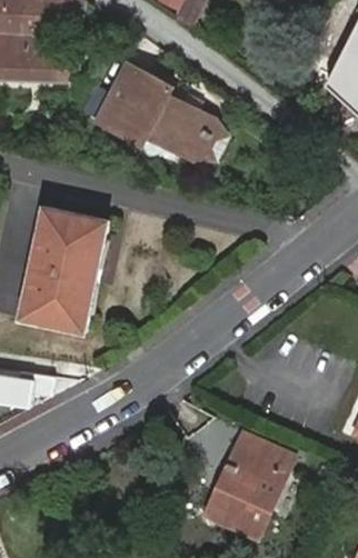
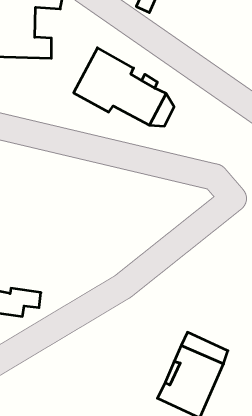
building: [19,209,108,331] -> none

